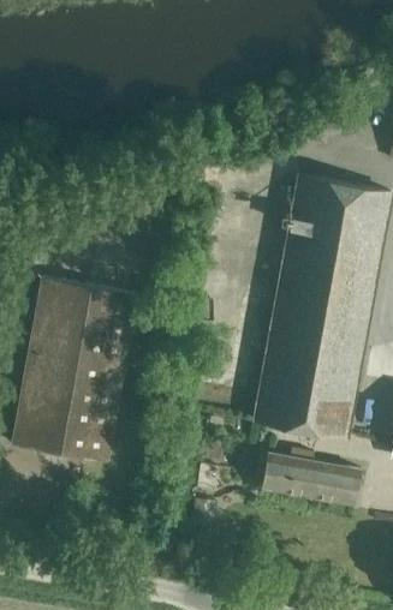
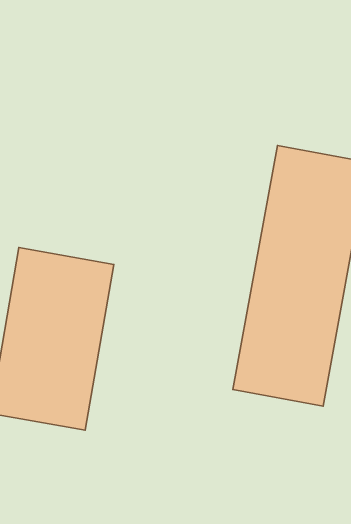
building: [262,448,362,506] -> none

